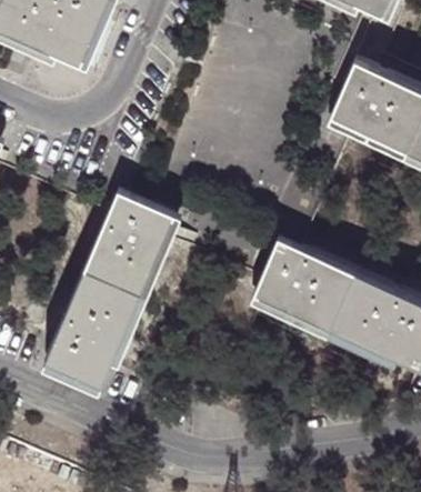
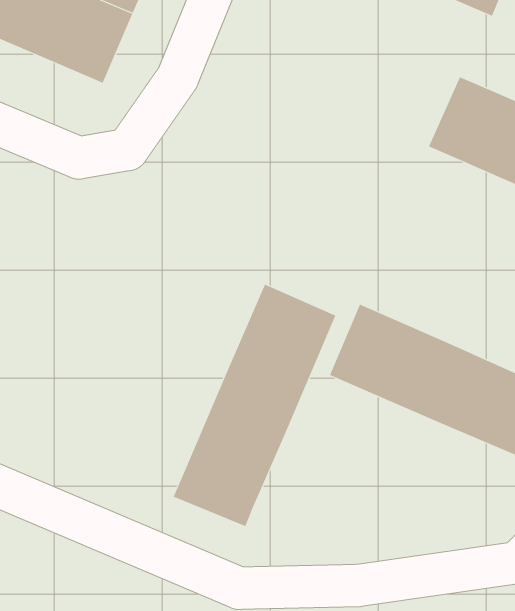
building: [49,197,176,385] -> [173,284,336,527]

